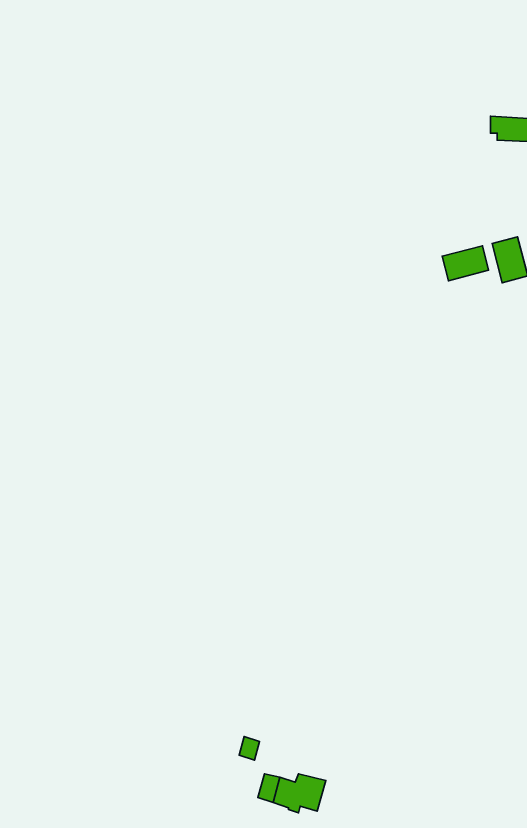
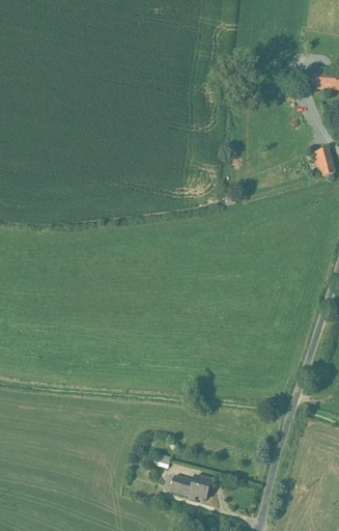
building: [442,246,489,281] -> none

